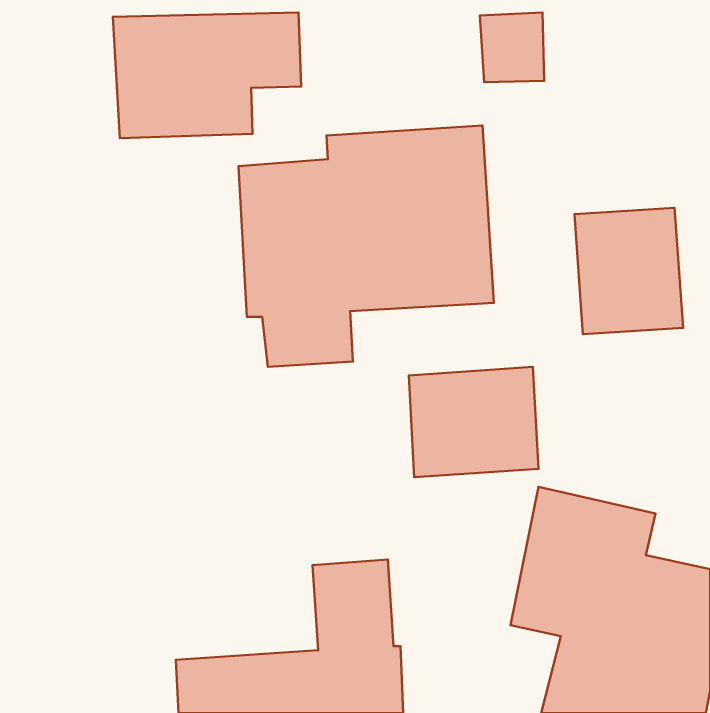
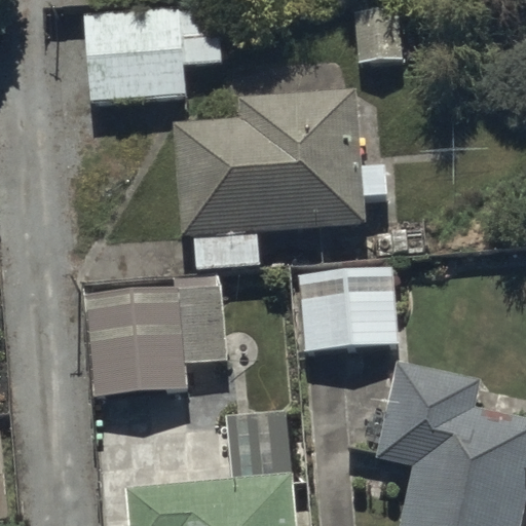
building: [574,208,683,334] -> none
building: none -> [82,283,229,394]

